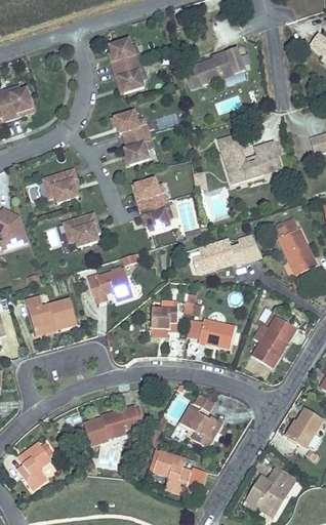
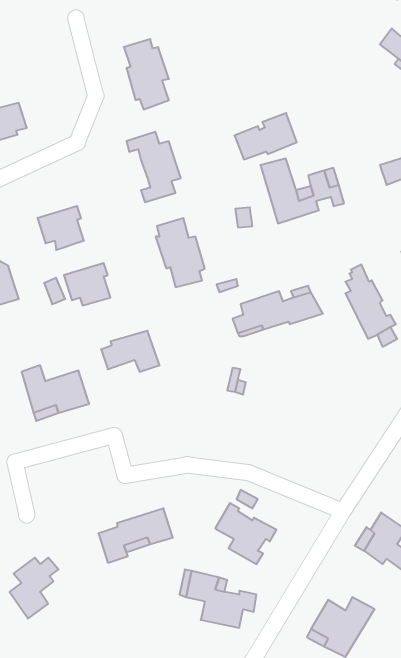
building: [192,47,240,83] -> [234,113,297,159]
building: [153,310,180,334] -> none
building: [252,317,297,368] -> none
building: [199,319,235,349] -> none

